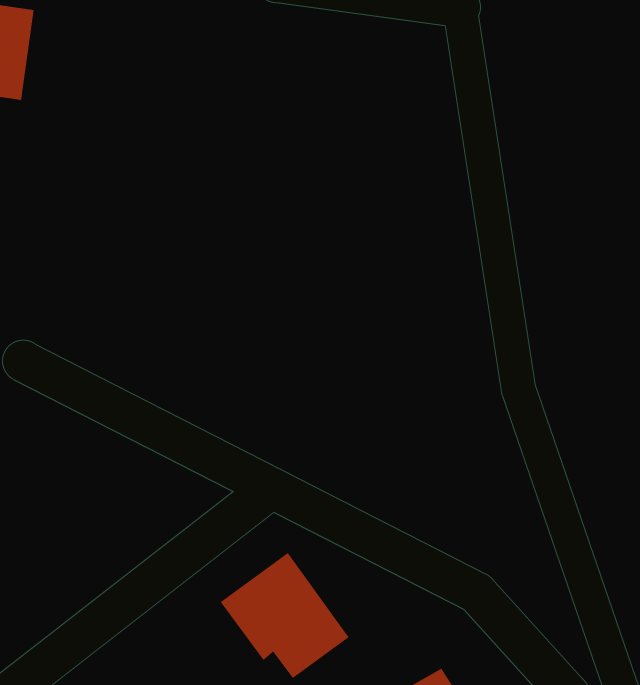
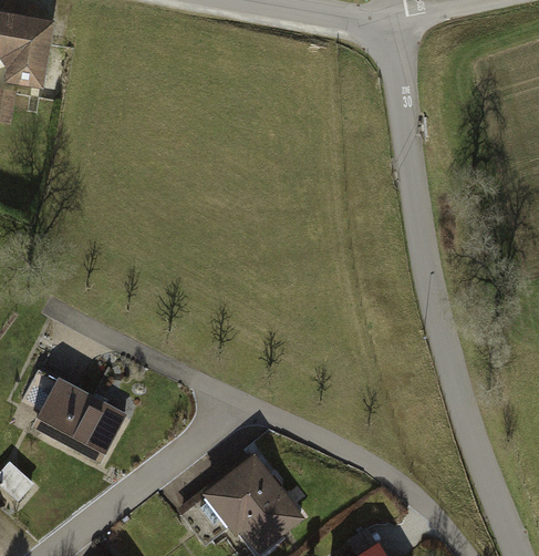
building: none -> [31,378,128,463]

